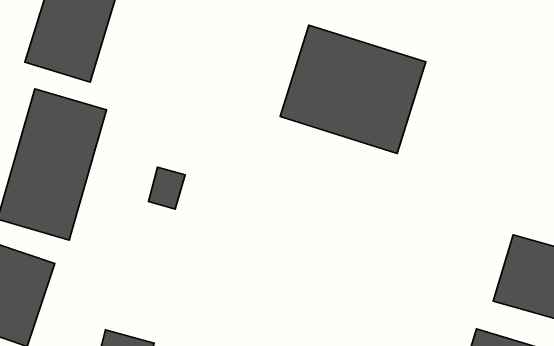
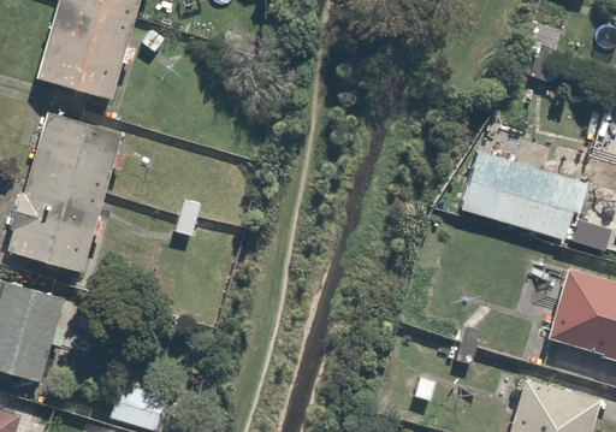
building: [280,25,426,153] -> none
building: none -> [461,148,587,243]

